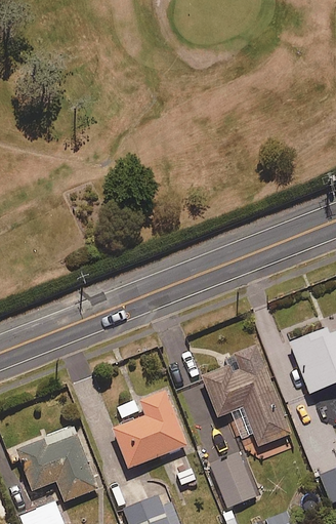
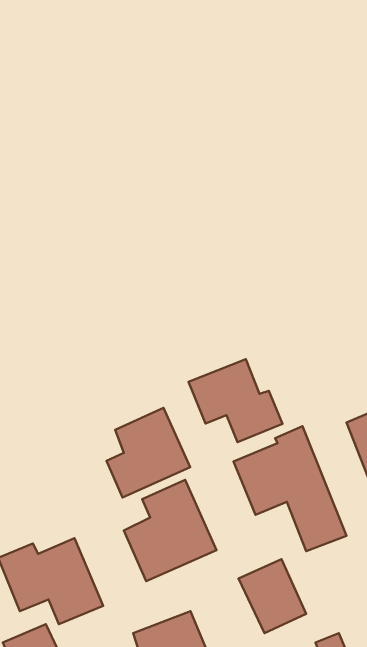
building: none -> [189,359,282,442]
building: none -> [107,408,190,497]

